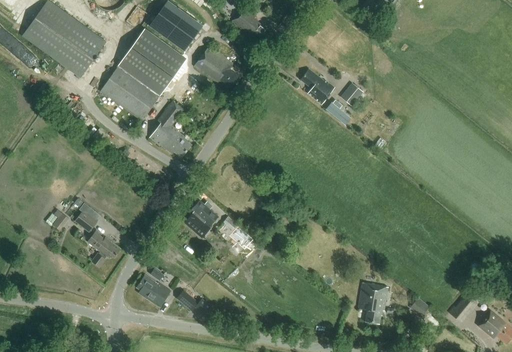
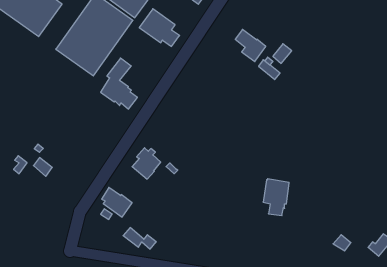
building: [87,230,120,267] -> none
building: [136,274,170,307] -> [102,187,132,217]
building: [358,282,387,323] -> [263,179,289,216]

